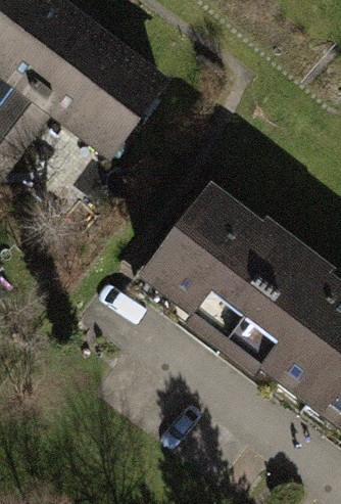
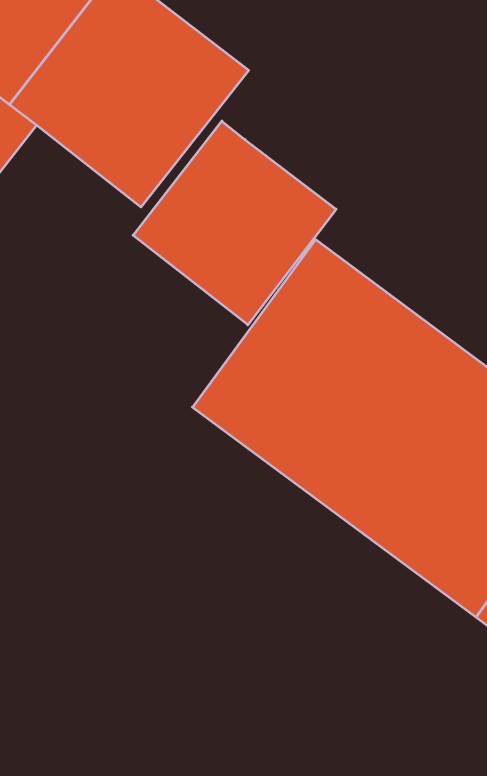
building: none -> [133,121,336,325]

